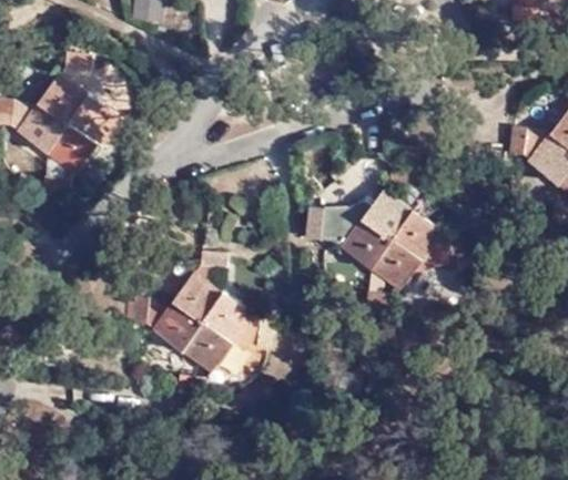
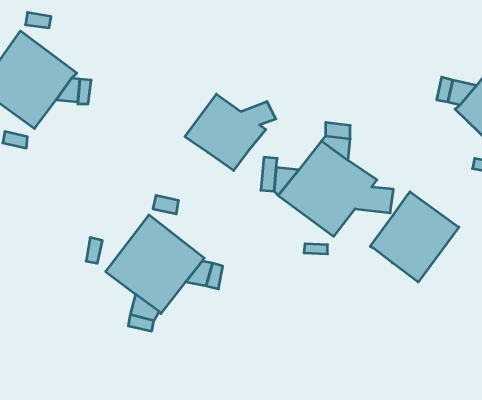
building: none -> [185,94,276,171]
building: none -> [370,192,459,282]

